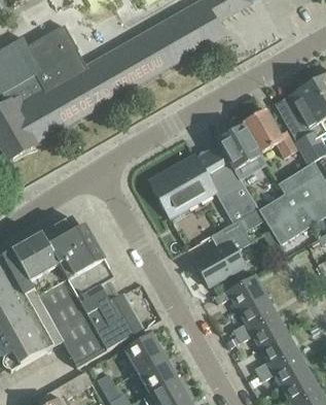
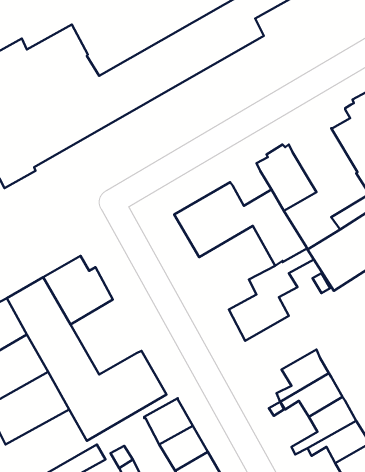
building: [241,108,296,157] -> none
building: [63,251,117,313] -> none
building: [213,273,265,309] -> none

